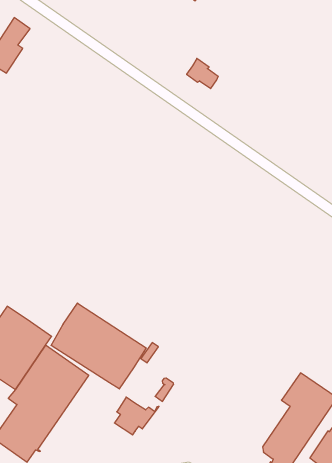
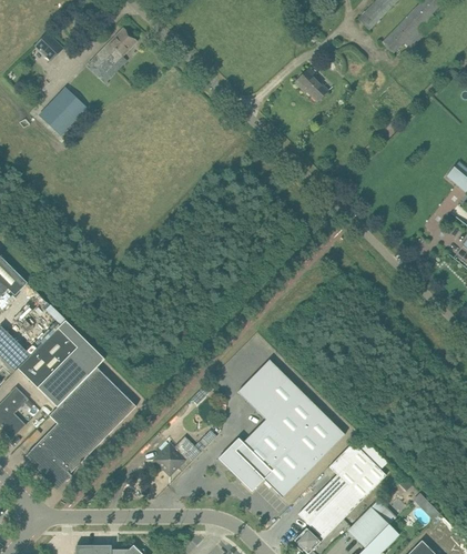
building: [187,58,218,89] -> [295,68,327,101]
building: [51,303,146,389] -> none
building: none -> [219,360,345,497]

